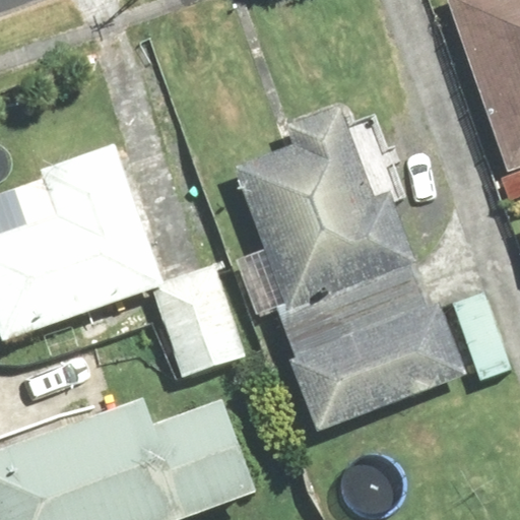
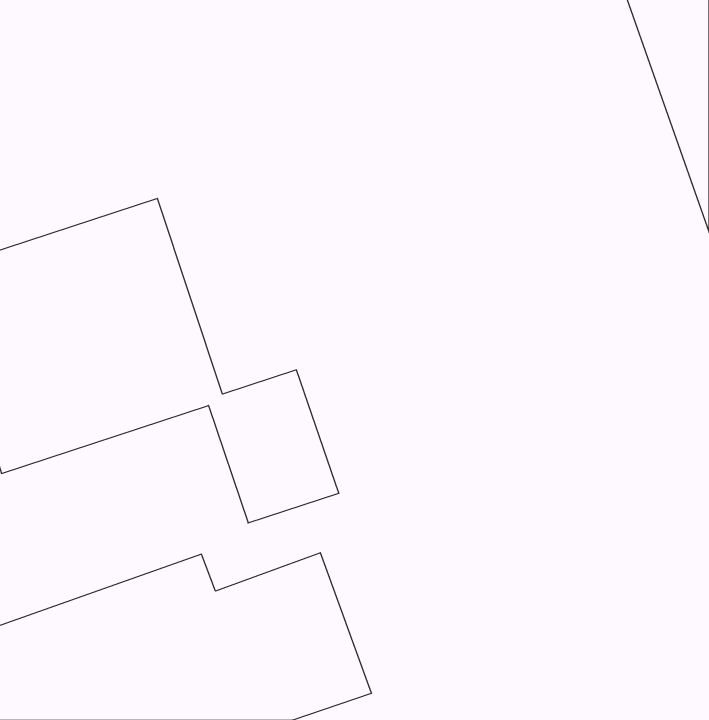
building: [240,108,415,311] -> none
building: [290,306,468,433] -> none

